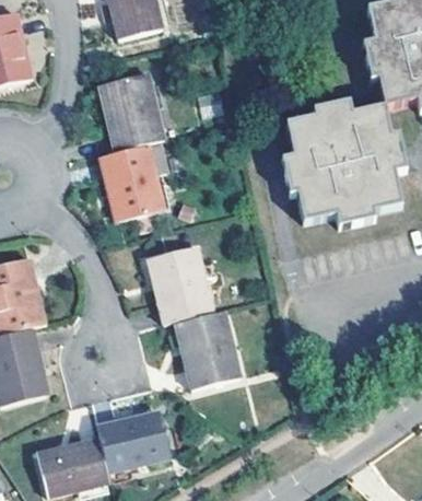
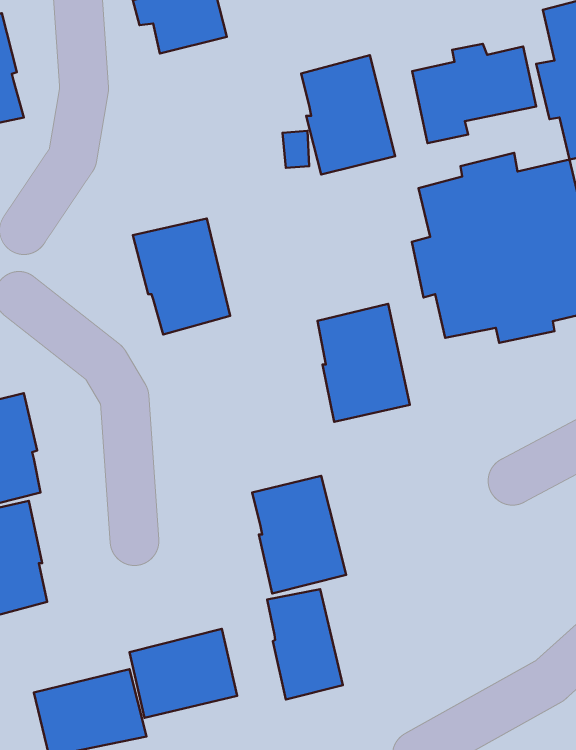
building: none -> [412,44,536,143]
building: [103,72,164,150] -> [301,55,395,175]
building: [152,246,212,323] -> [317,304,410,422]
building: none -> [267,589,343,699]

